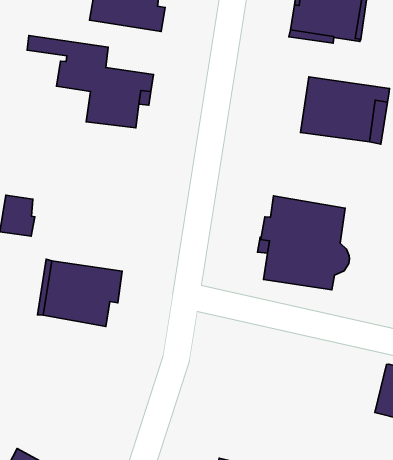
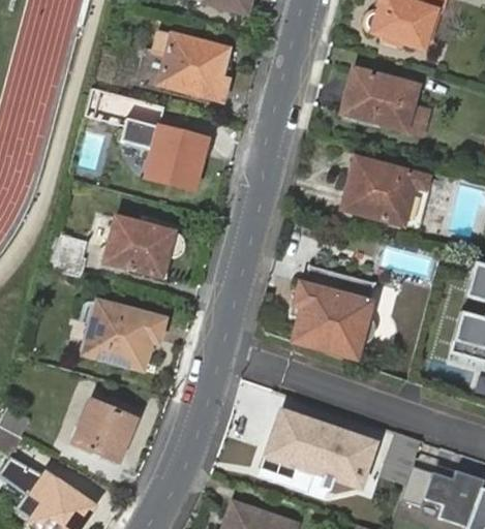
building: none -> [105,216,187,278]
building: none -> [267,411,375,486]
building: none -> [74,401,134,461]

